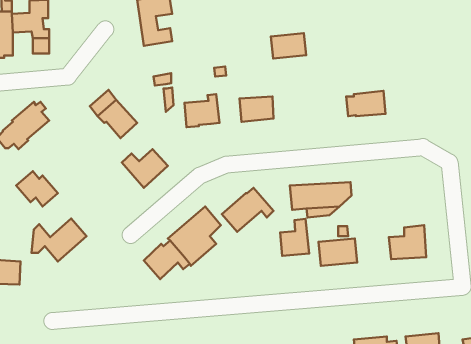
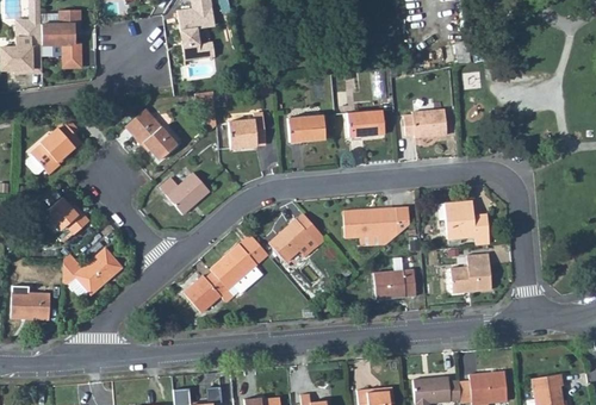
building: [271,33,306,58] -> [346,108,384,136]
building: none -> [436,200,489,244]
building: [280,219,309,256] -> none

